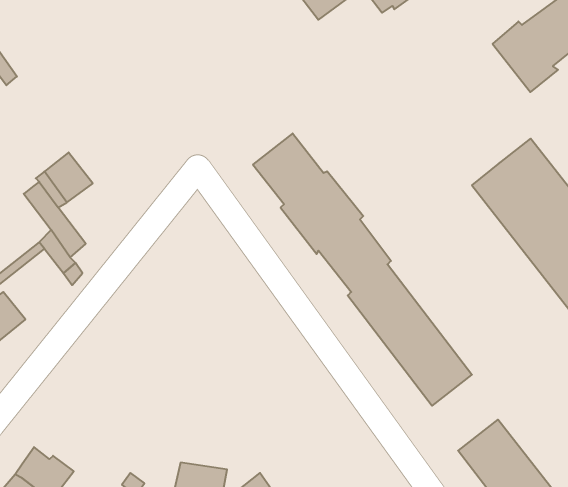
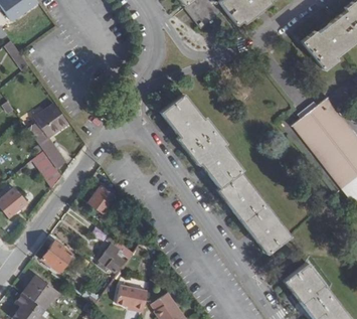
building: none -> [85,183,114,215]
building: none -> [99,238,133,270]
building: none -> [40,240,71,273]

